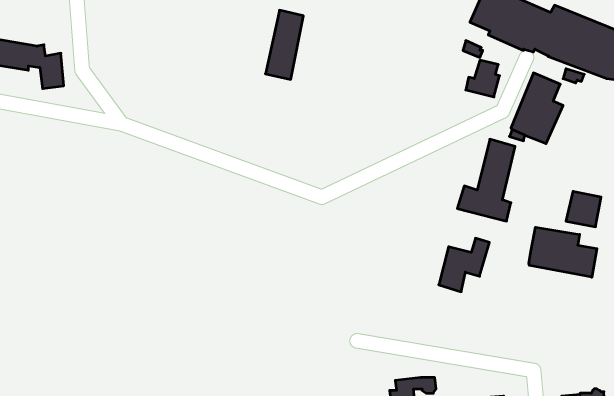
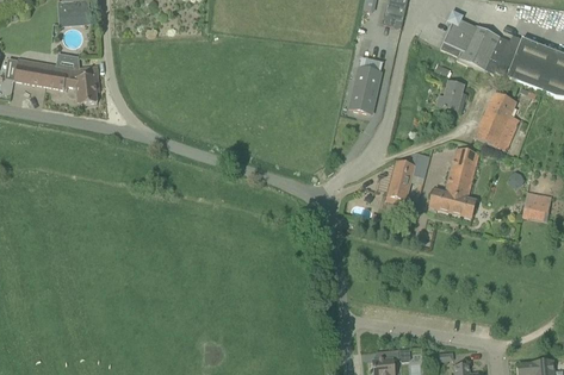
building: [265,10,303,79] -> [349,55,382,113]
building: [529,227,597,277] -> none
building: [439,238,489,292] -> [388,152,430,198]

